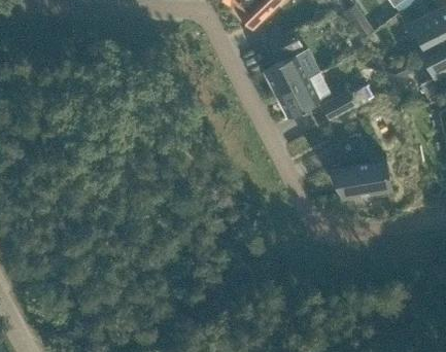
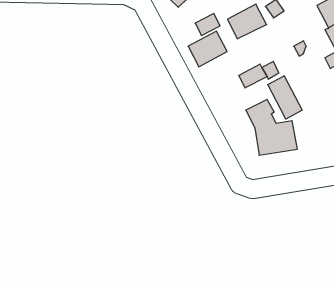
building: [276,79,321,119] -> [228,4,267,39]
building: none -> [268,76,302,119]

